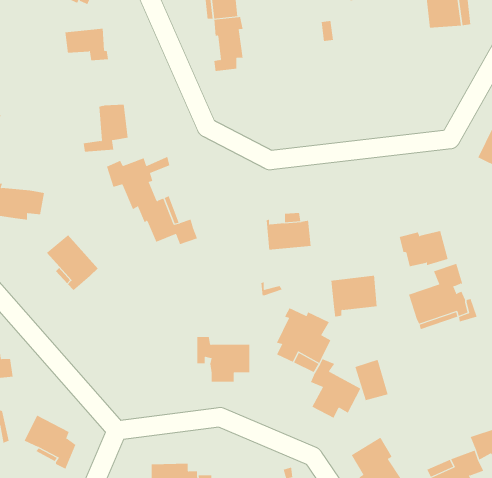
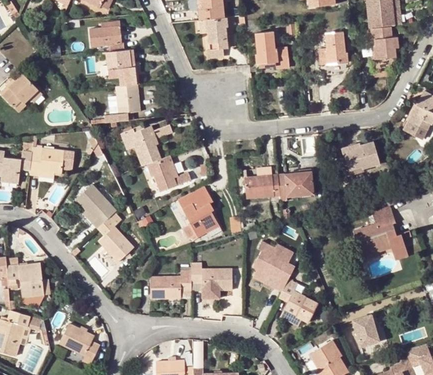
building: none -> [371,28,397,77]
building: none -> [318,32,347,64]
building: none -> [255,33,288,67]
building: none -> [106,50,136,86]
building: [399,230,449,267] -> [341,142,379,170]
building: none -> [177,185,221,239]
building: [330,275,377,317] -> [277,170,313,202]
building: none -> [97,217,133,262]
building: none -> [150,271,191,299]
building: [355,359,389,401] -> [352,314,378,346]

